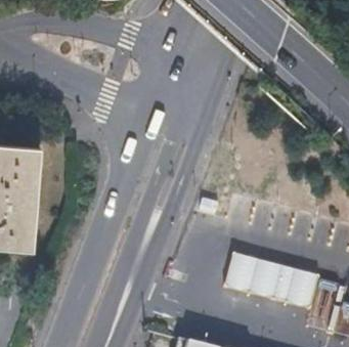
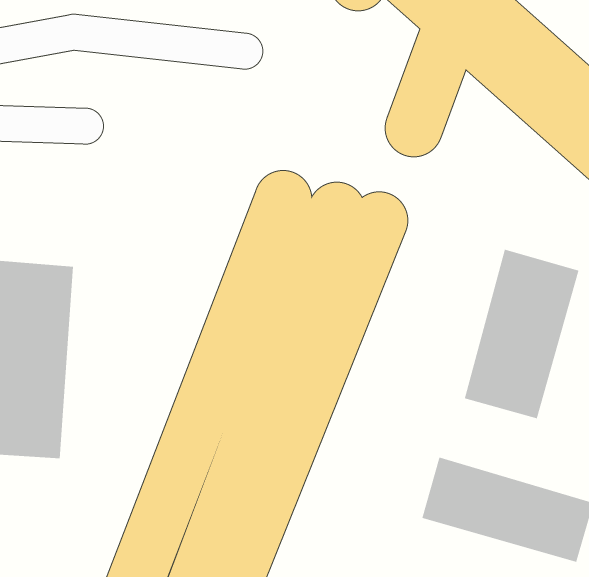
building: none -> [464,249,579,419]

